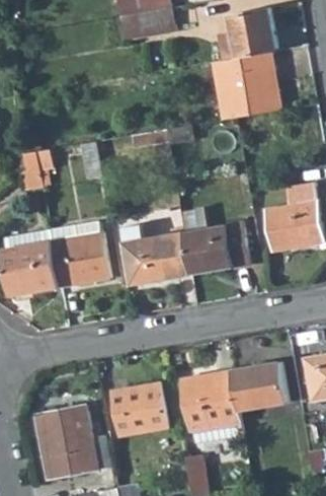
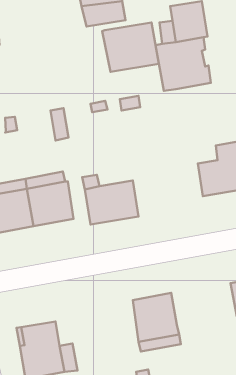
building: none -> [102,22,159,72]
building: [182,221,248,276] -> none
building: [230,362,287,411] -> none
building: [110,382,169,436] -> none

